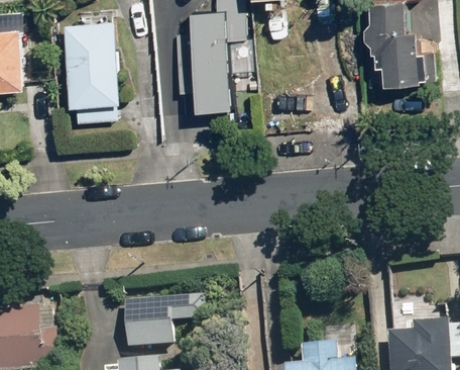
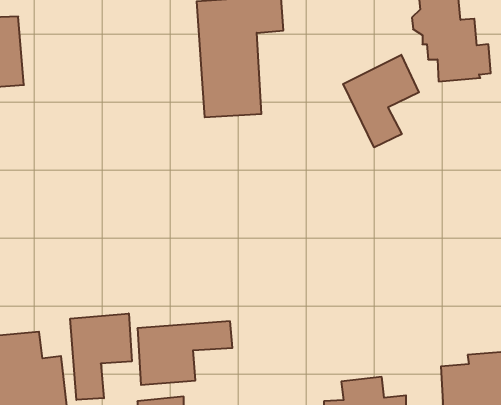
building: [60,20,119,123] -> none
building: none -> [343,55,419,147]
building: none -> [70,313,132,400]

